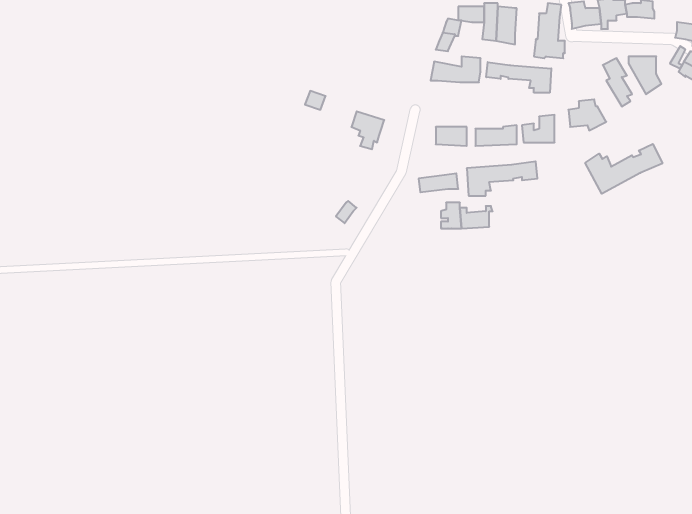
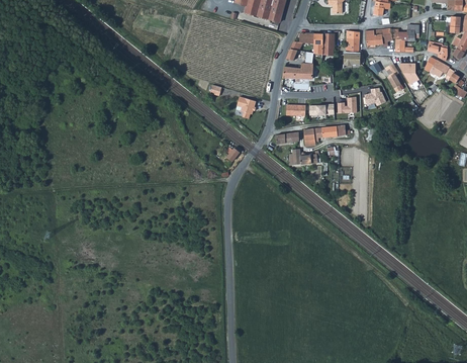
building: [486,62,551,93] -> none
building: [585,144,662,194] -> none

